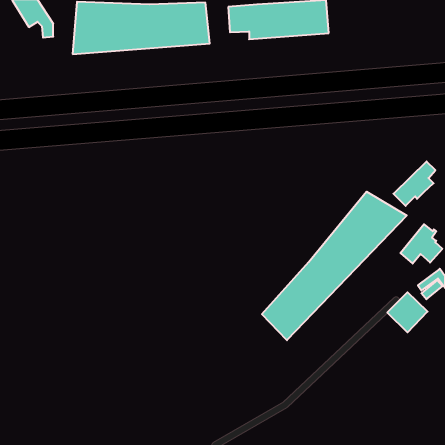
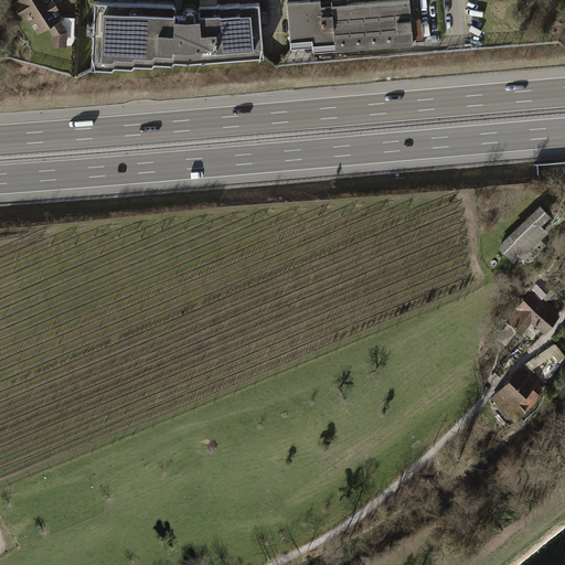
building: [262,192,407,340] -> none

